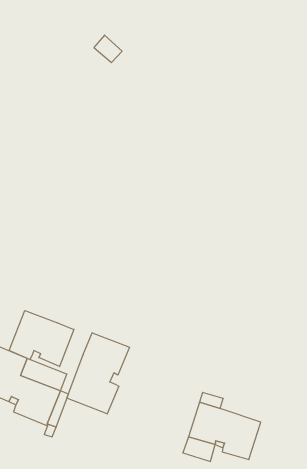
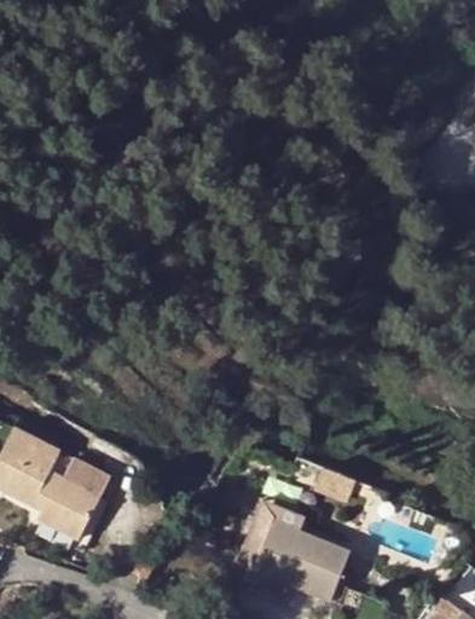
building: [9,311,74,367] -> none
building: [67,333,129,414] -> none

